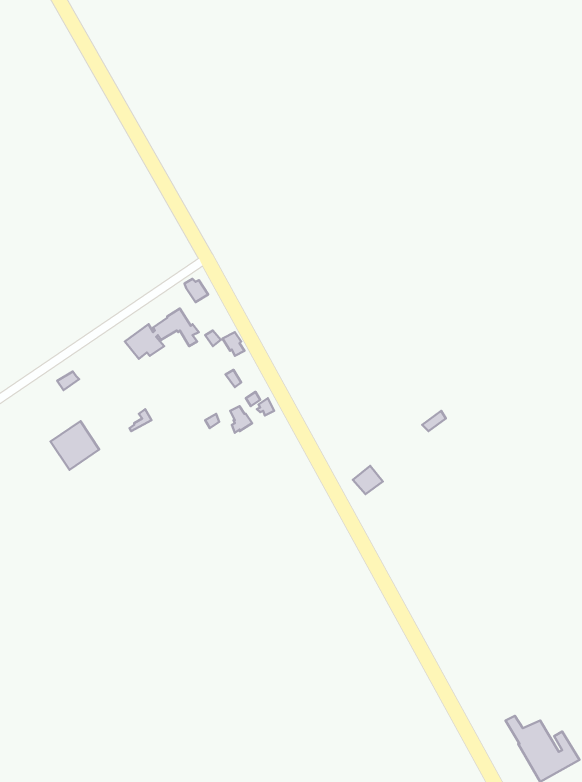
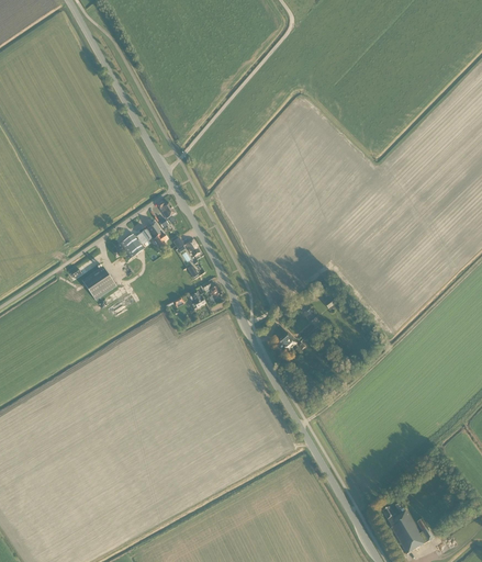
building: [51,421,99,470] -> [80,266,114,300]

